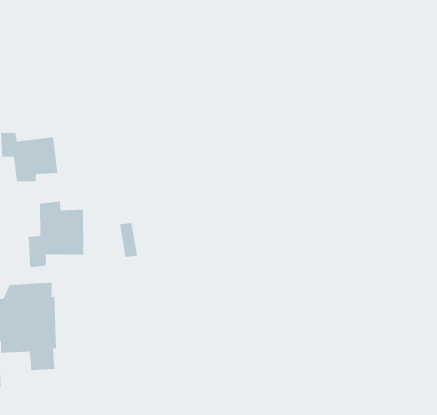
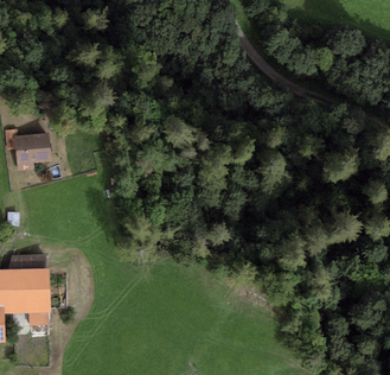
building: [28,201,84,268] -> none

